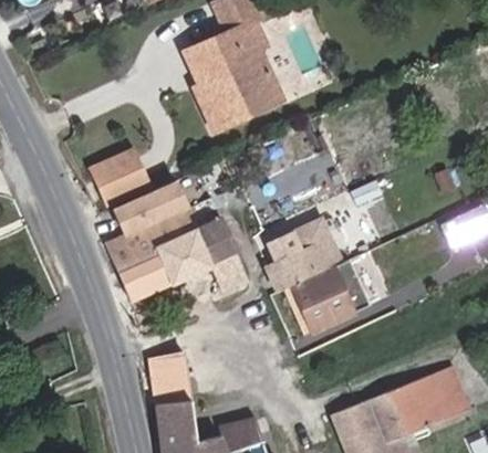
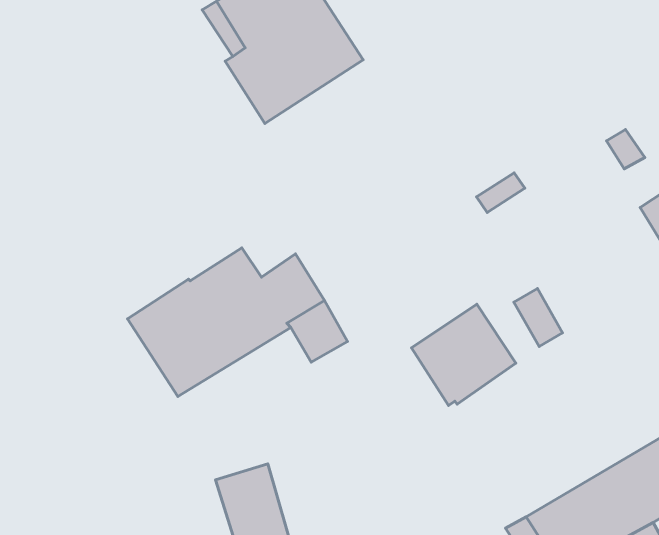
building: [90,149,150,204] -> none
building: [113,180,187,232] -> none
building: [266,219,341,289] -> none

